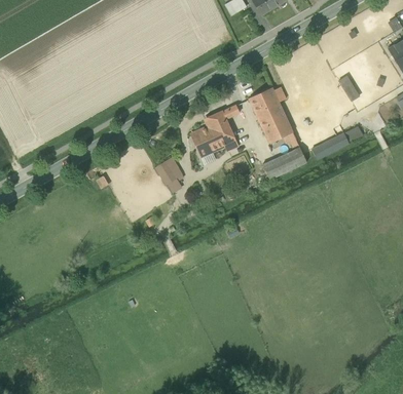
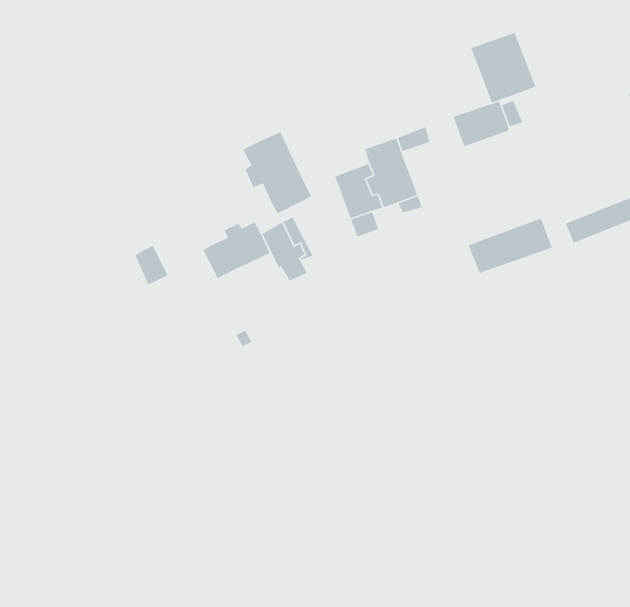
building: [256,104,292,142] -> [470,32,536,103]
building: none -> [242,131,312,215]
building: none -> [202,221,270,279]

